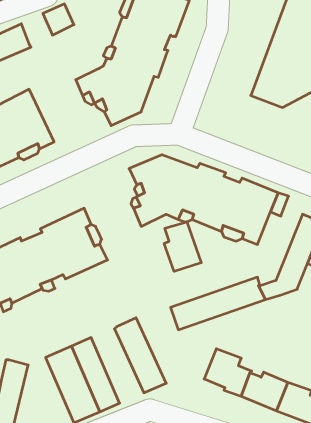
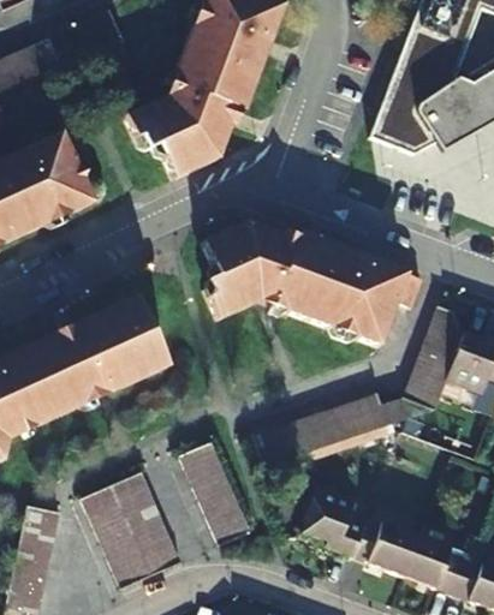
building: [164,222,201,271] -> none

